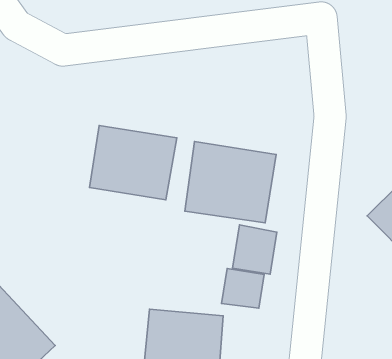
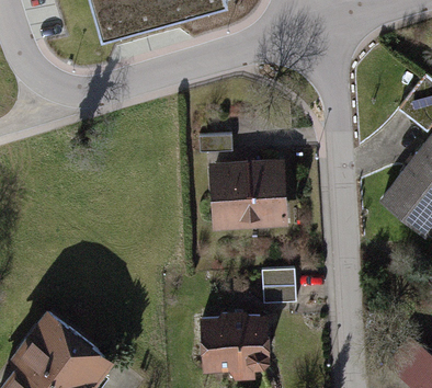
building: [89,125,177,200] -> none
building: [233,225,277,274] -> none

